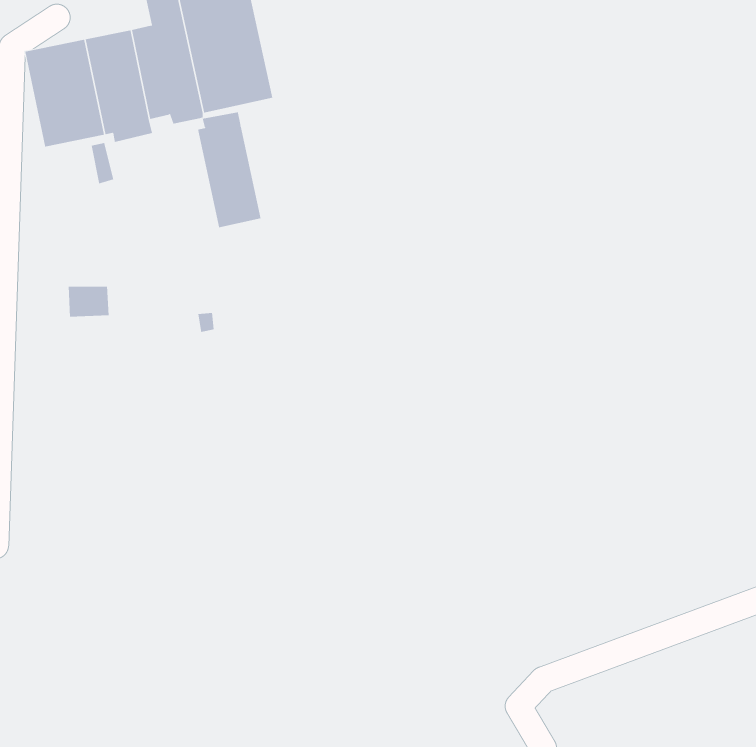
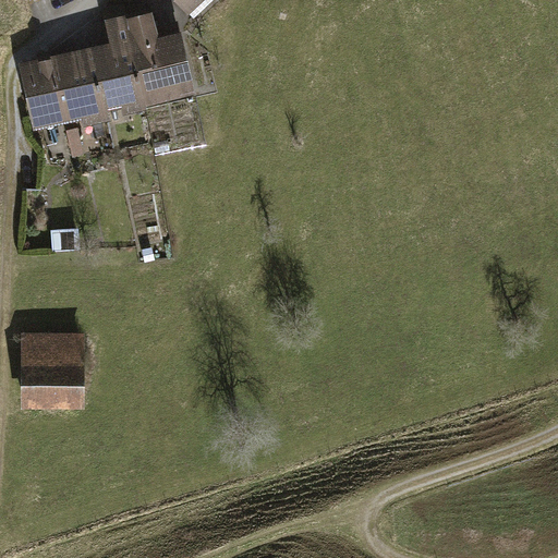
building: [198,112,261,228] -> none
building: none -> [20,333,83,408]

